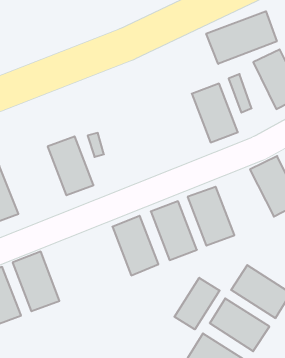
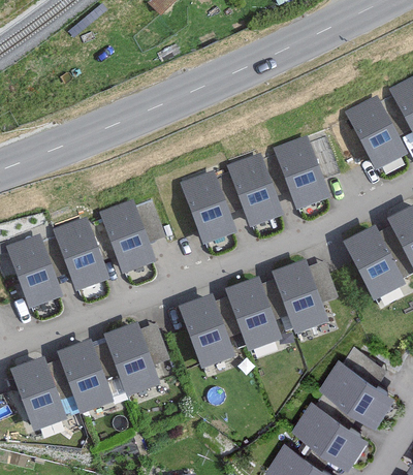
building: [206,11,277,64] -> none
building: none -> [228,155,284,226]
building: none -> [182,172,237,245]
building: none -> [54,219,110,290]
building: none -> [102,324,159,395]
building: [174,278,220,329] -> none

